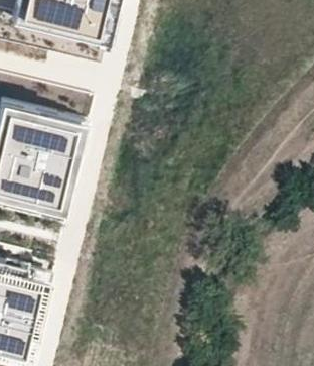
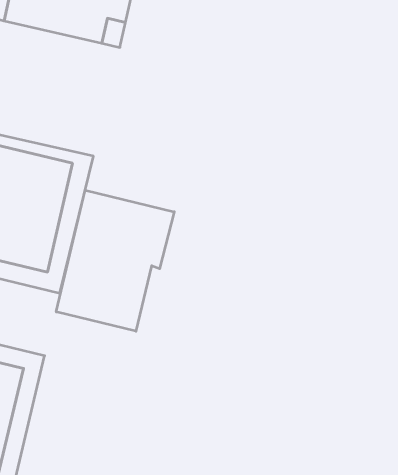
building: none -> [56,190,174,331]

